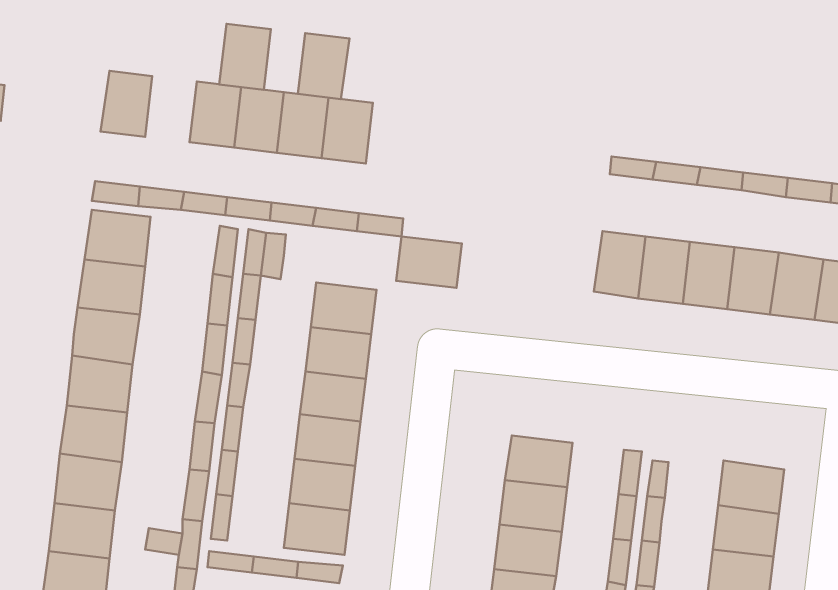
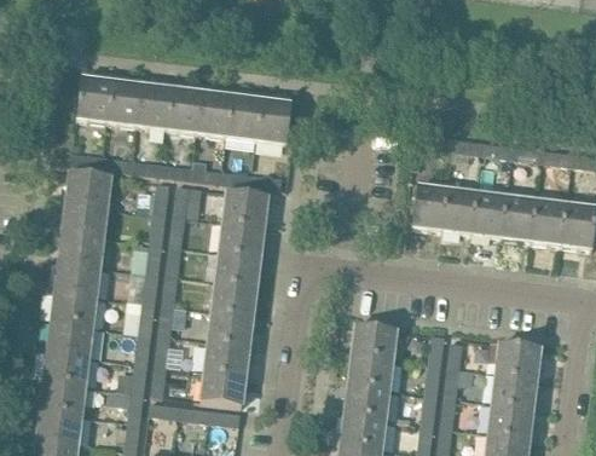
building: [219,24,271,90] -> [106,79,141,123]
building: [298,33,350,99] -> [256,97,291,142]
building: [396,236,462,288] -> [222,189,267,224]

